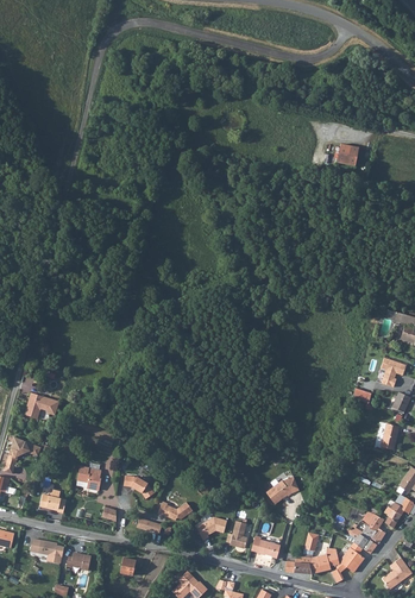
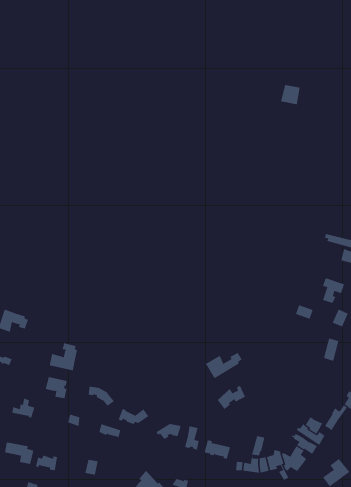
building: none -> [49,343,78,371]
building: none -> [205,352,243,379]

